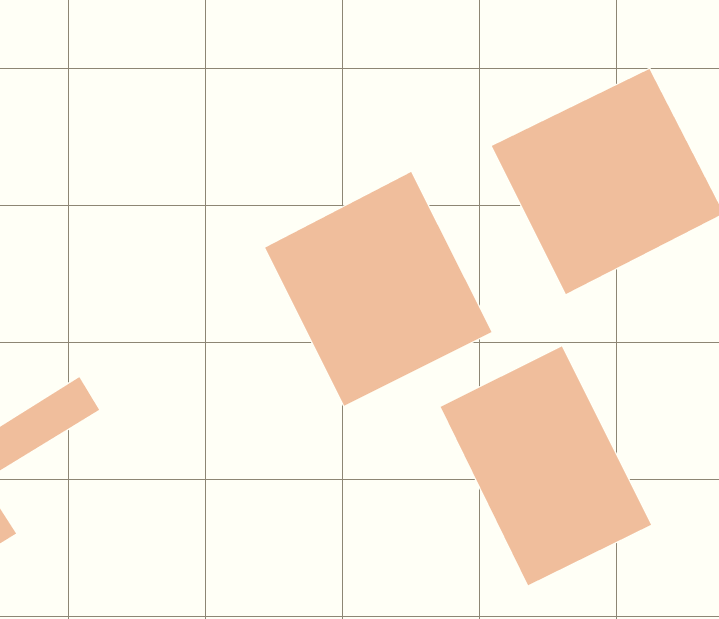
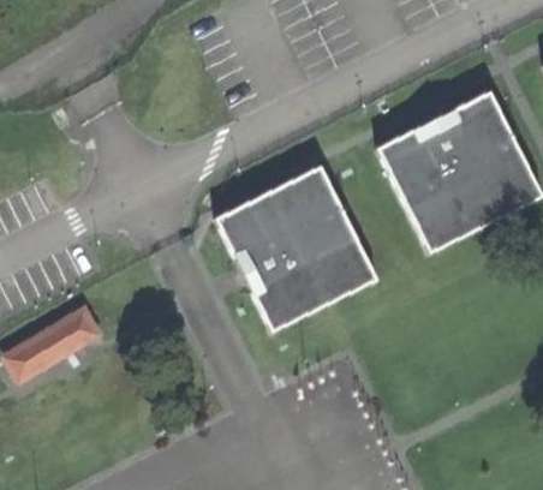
building: [440,345,652,586] -> none

